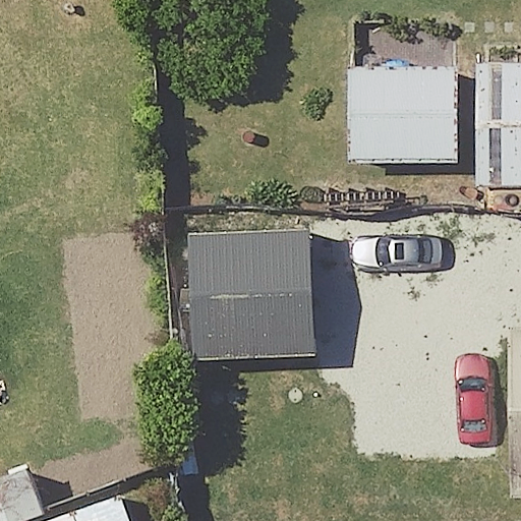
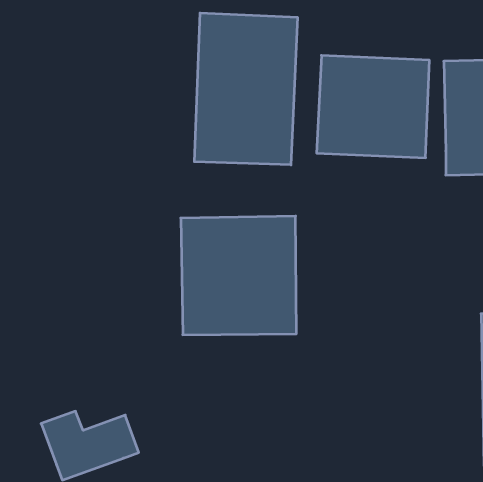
building: none -> [194,13,297,165]

